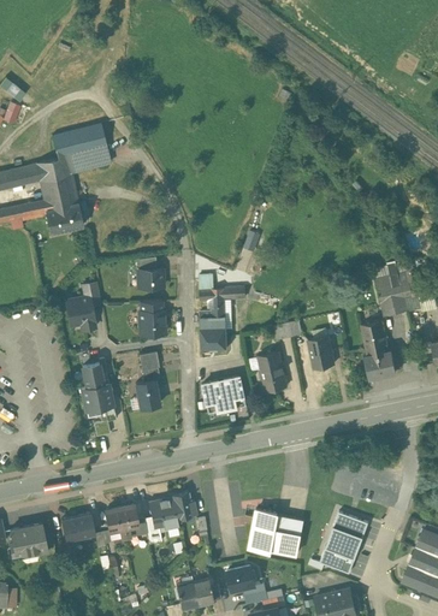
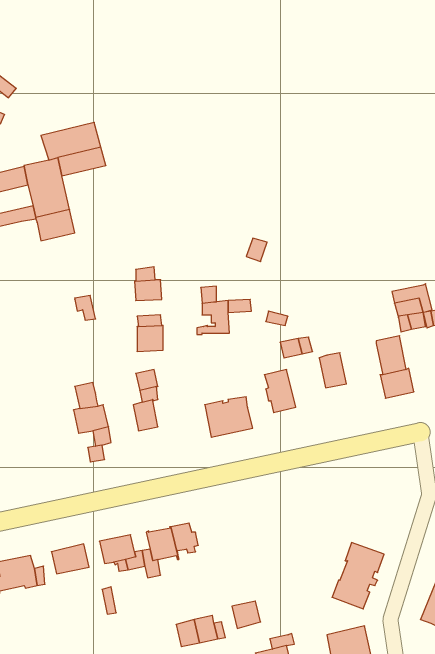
building: [65,296,95,330] -> none
building: [200,318,226,350] -> none
building: [248,509,303,555] -> none

